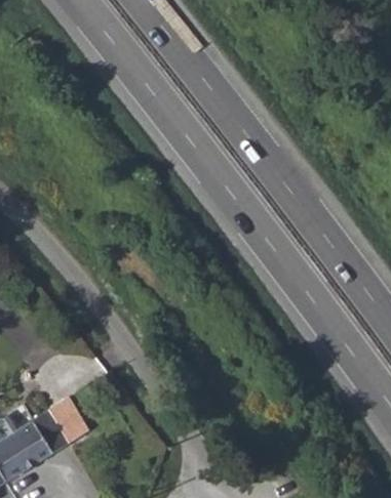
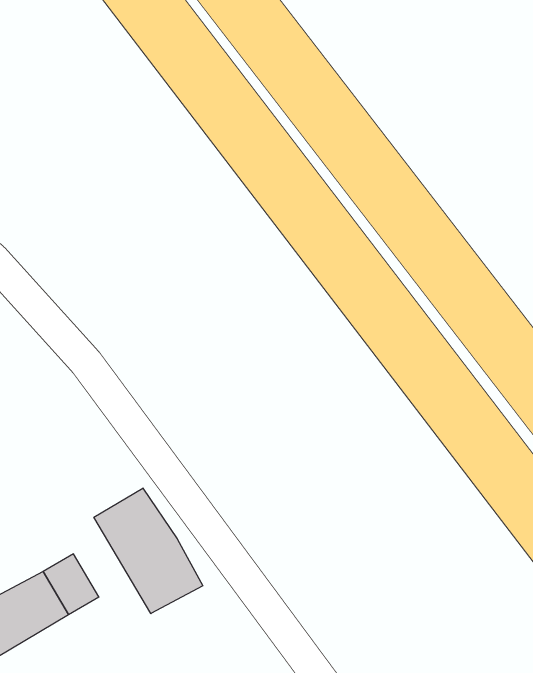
building: none -> [94,488,203,614]

